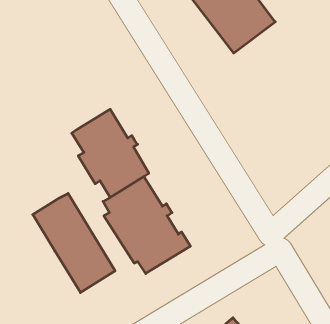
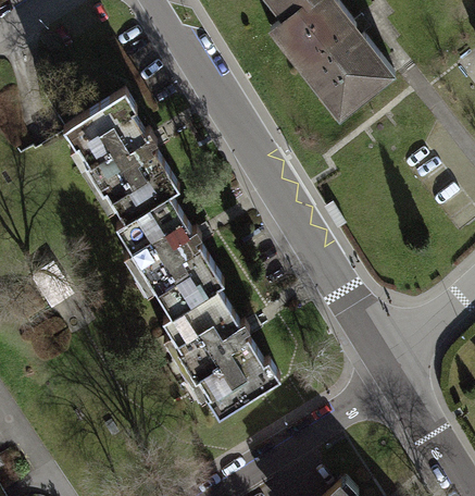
building: none -> [63,92,179,224]
building: [33,193,115,293] -> none

